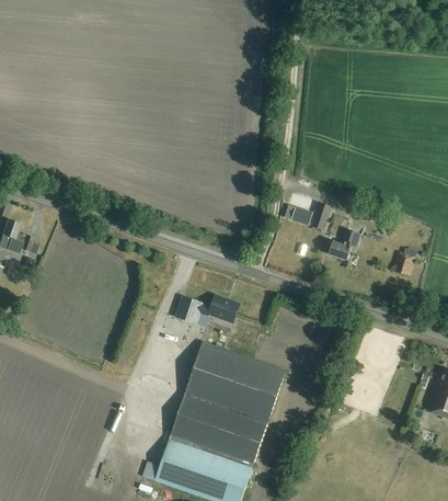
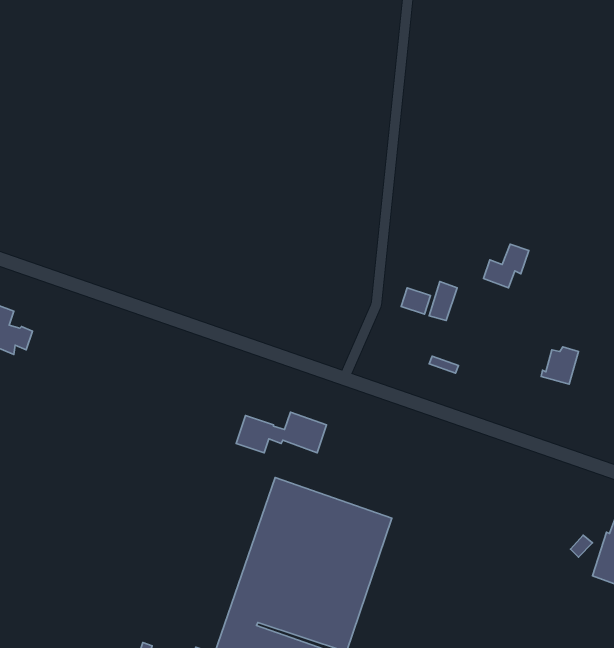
building: [329,229,360,260] -> [484,244,529,288]

